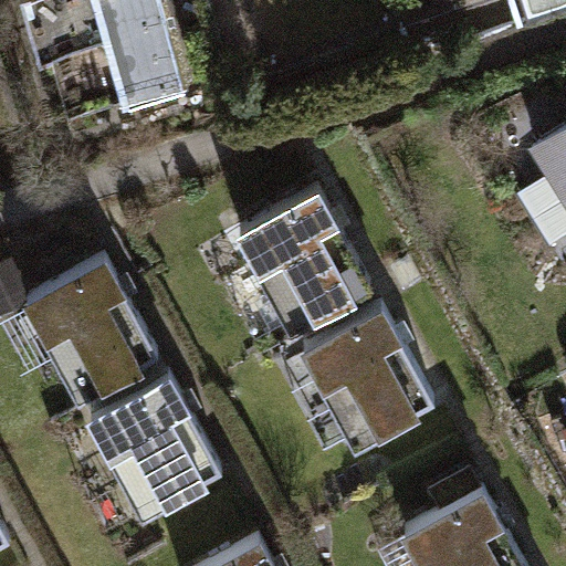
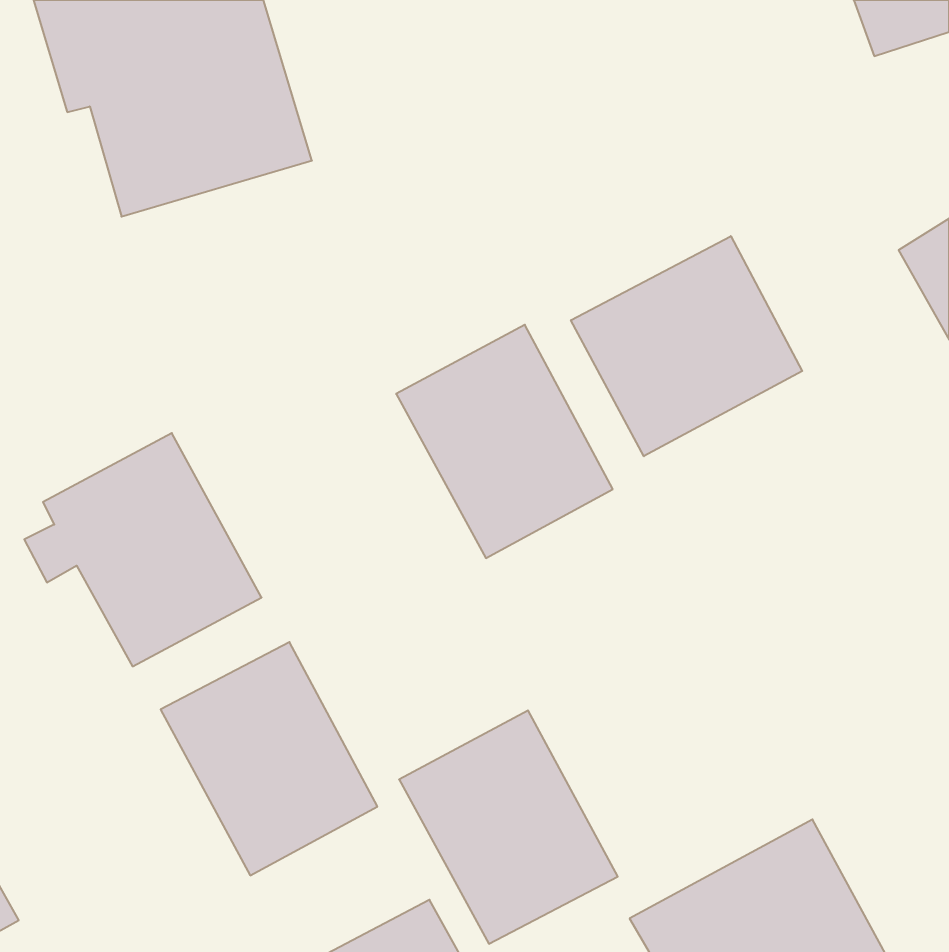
building: none -> [571,236,802,456]
building: [301,311,430,449] -> [399,710,618,944]

